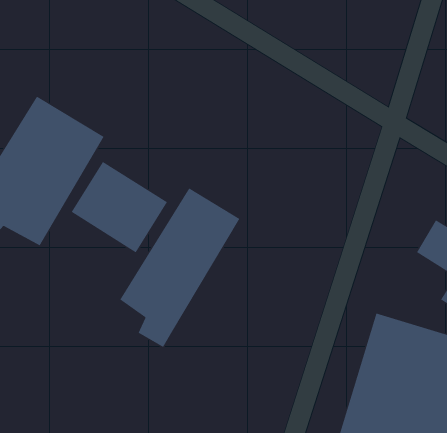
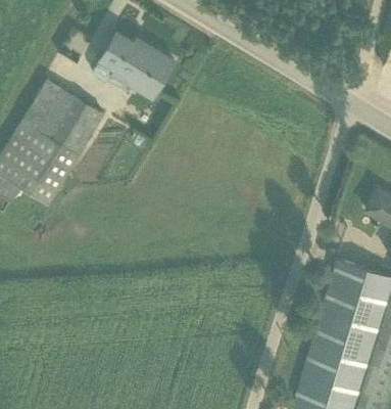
building: [71,161,168,253] -> [95,27,177,104]
building: [119,188,240,348] -> none

